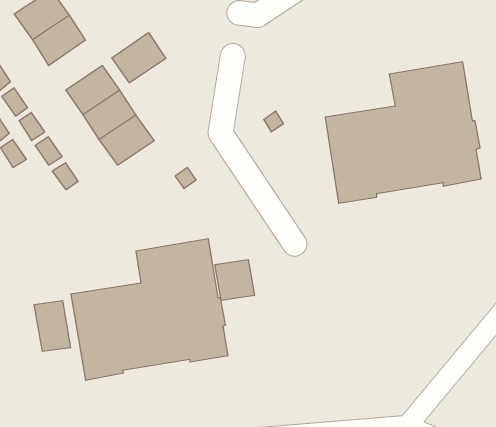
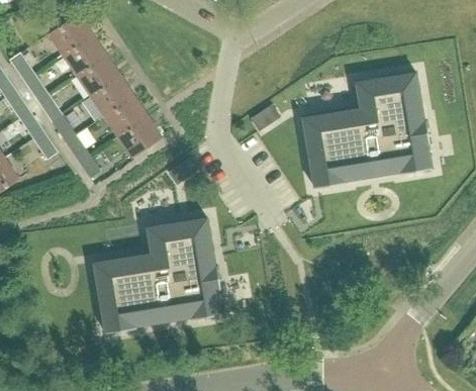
building: [112,32,166,83] -> [76,55,120,96]
building: [215,260,254,300] -> none
building: [34,301,71,352] -> none

